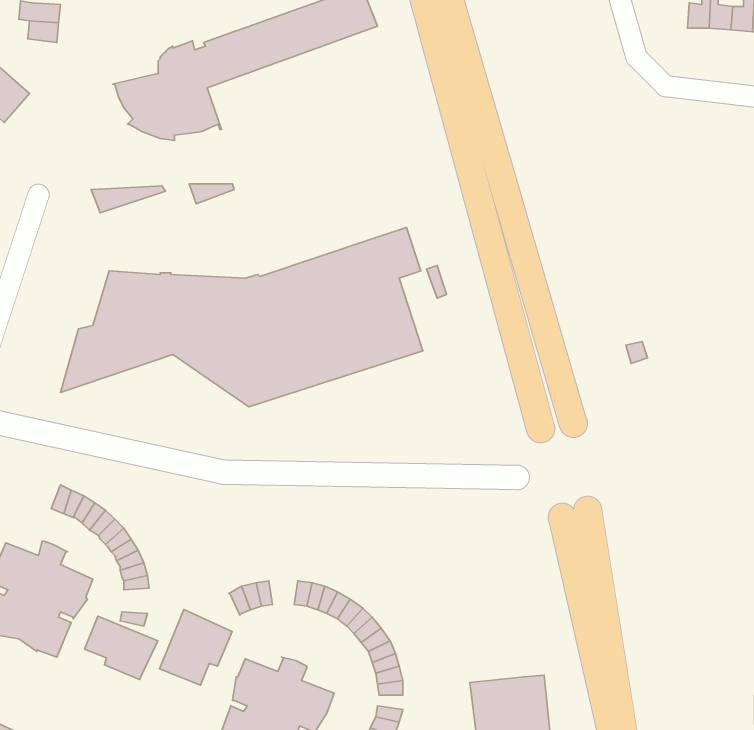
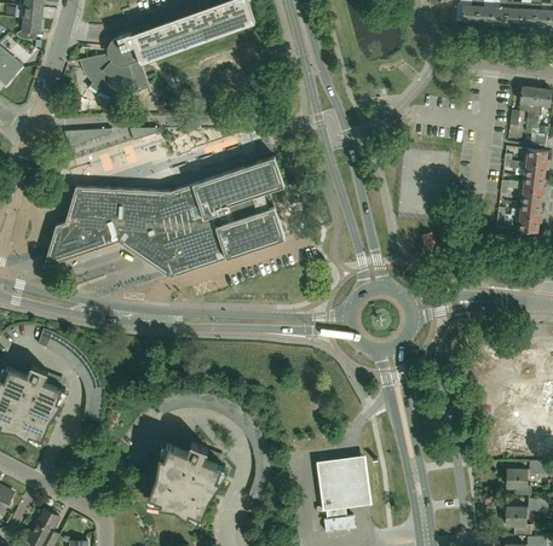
building: [159,609,232,685] -> none
building: [85,616,158,679] -> none

